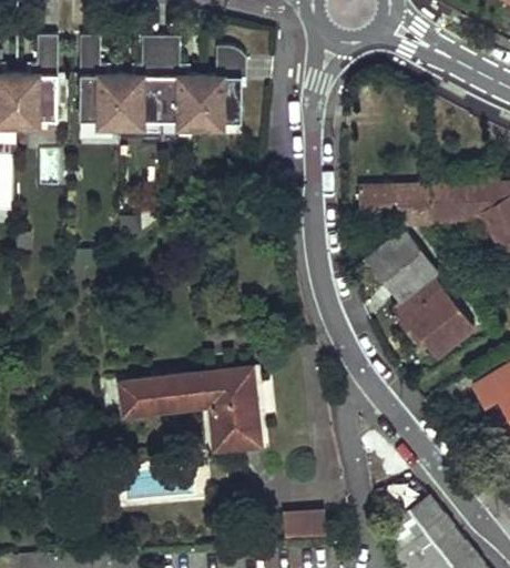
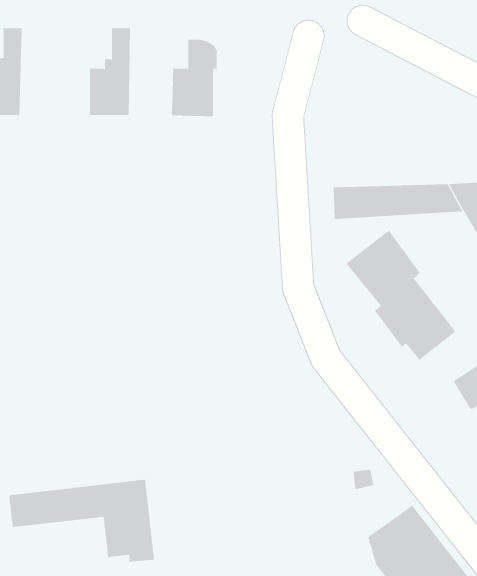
building: [79,39,121,123] -> none
building: [160,39,201,123] -> none
building: [121,368,262,448] -> [8,479,155,562]
building: [284,513,326,541] -> none

